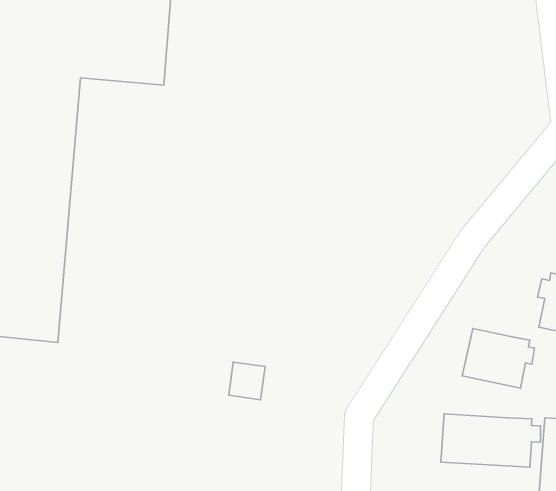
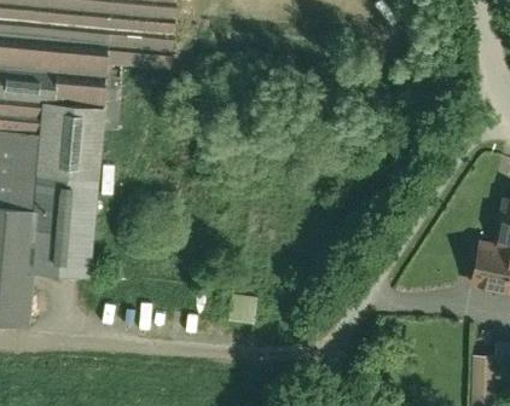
building: [462,329,534,388] -> none
building: [441,414,541,467] -> none

